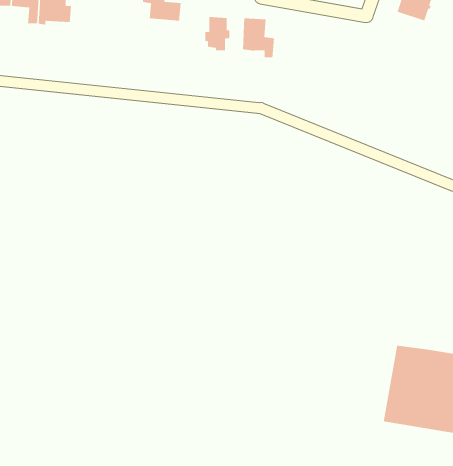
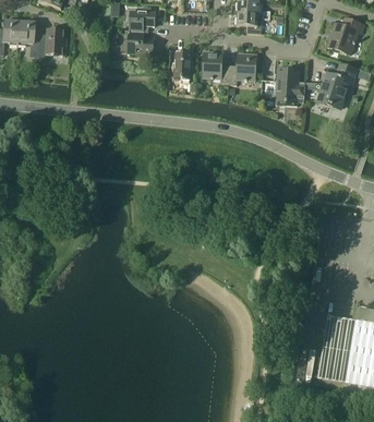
building: none -> [228,52,256,84]
building: none -> [317,63,357,108]
building: none -> [261,68,304,105]

